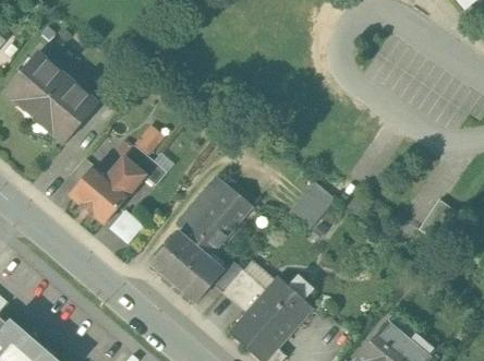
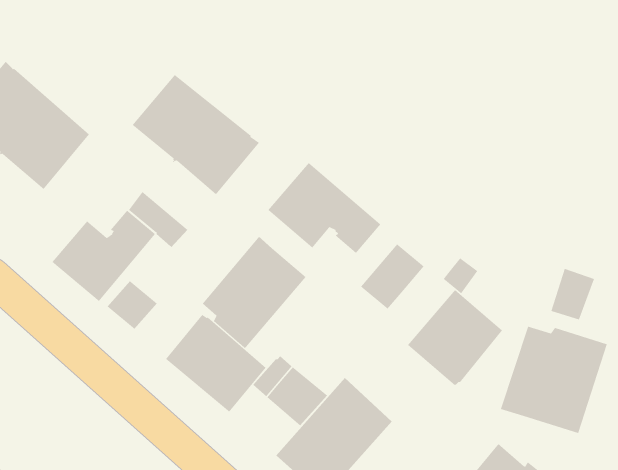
building: none -> [132,74,260,195]
building: none -> [267,162,381,254]
building: none -> [407,289,503,386]
building: none -> [500,326,607,434]

